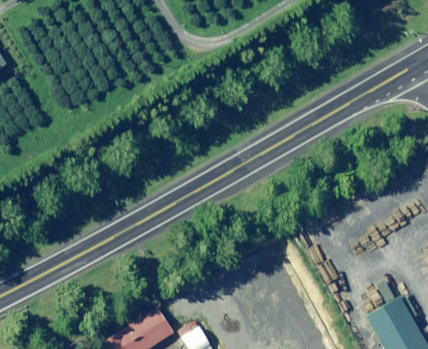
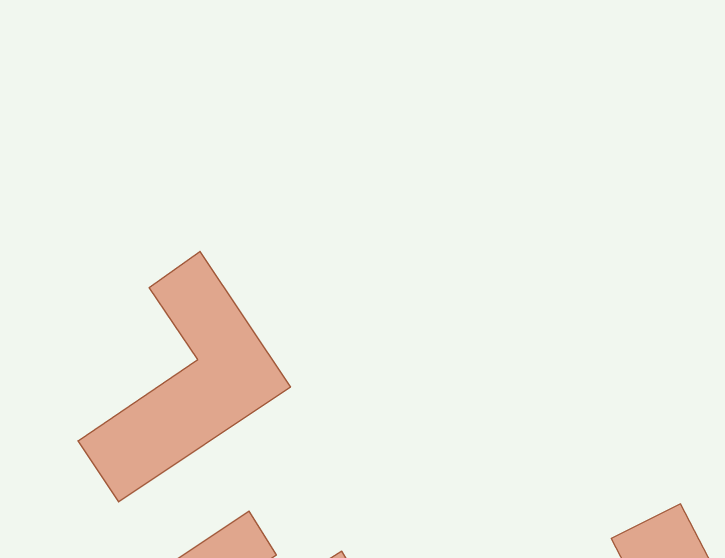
building: none -> [78,251,290,502]

